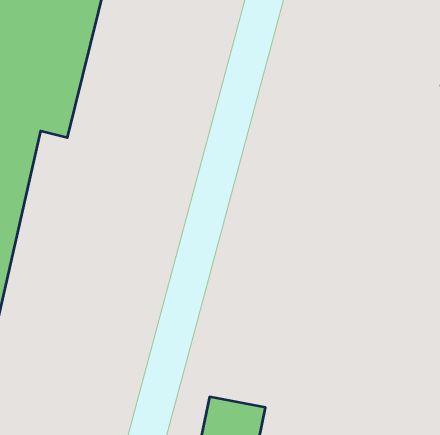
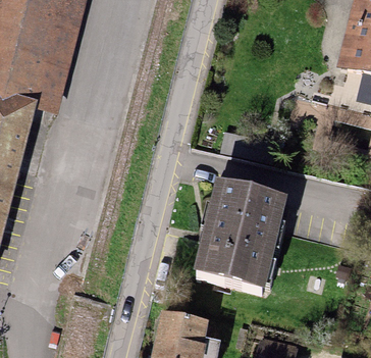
building: none -> [201,180,285,287]

